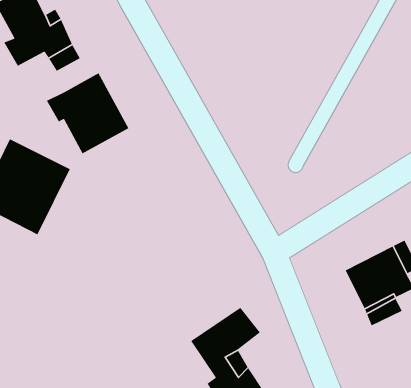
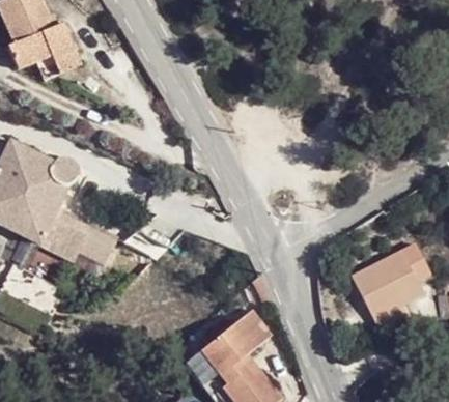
building: [46,72,129,155] -> none
building: none -> [54,210,119,262]

